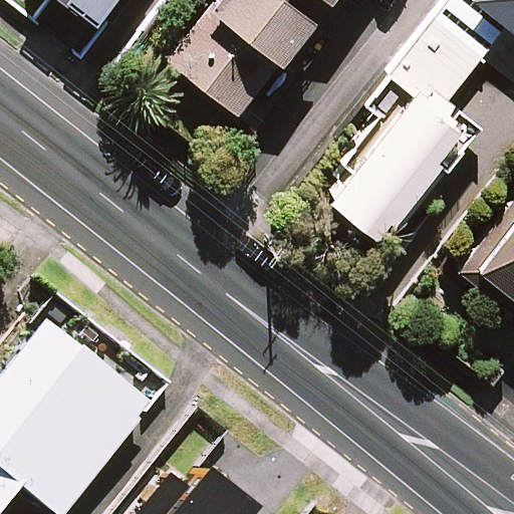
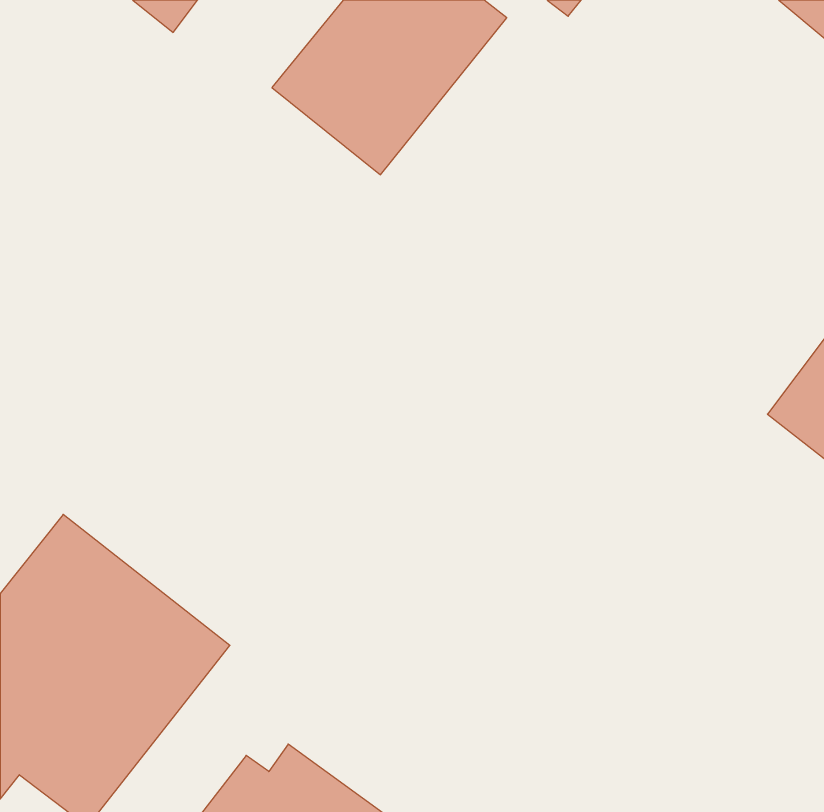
building: [332,18,486,237] -> none

